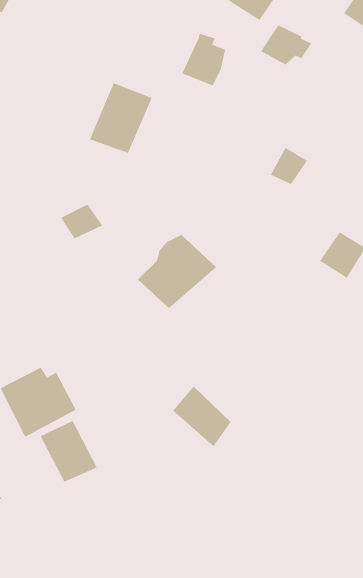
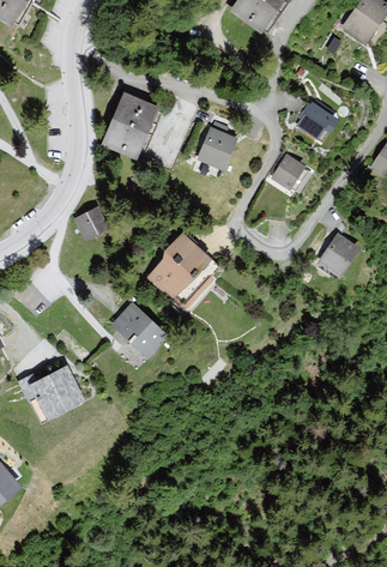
building: [260,25,312,65] -> [294,101,343,139]
building: [181,33,226,86] -> [194,121,236,171]
building: [172,385,232,447] -> [110,302,167,361]
building: [40,420,97,483] -> none

